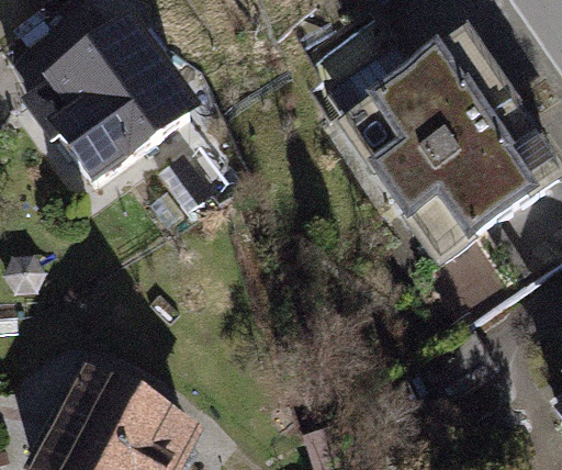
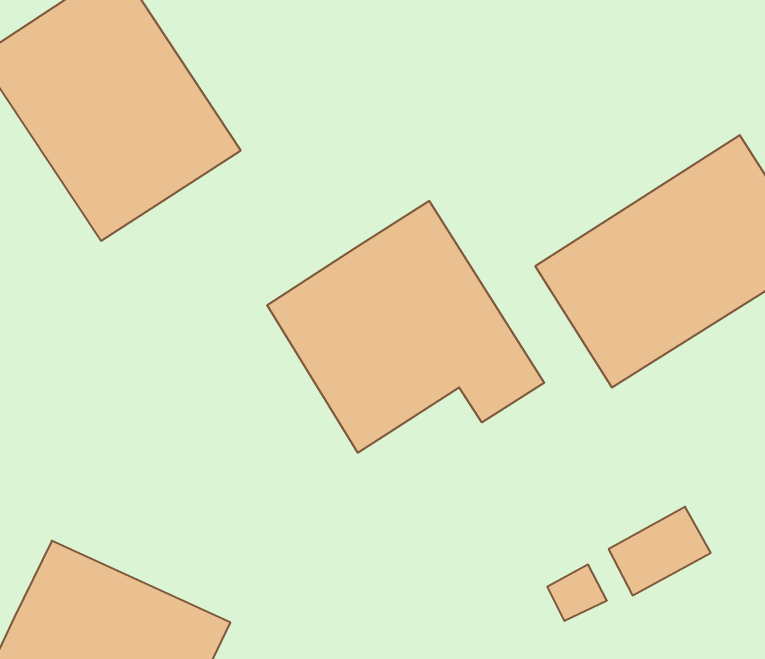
building: [338,26,519,188] -> none
building: none -> [267,201,544,453]

